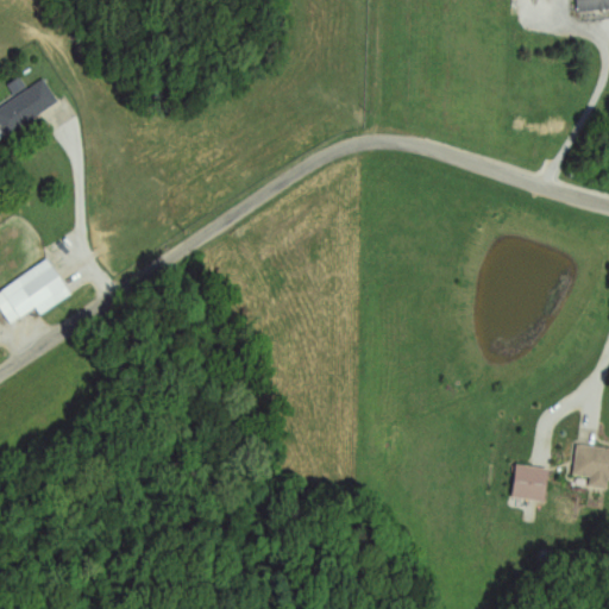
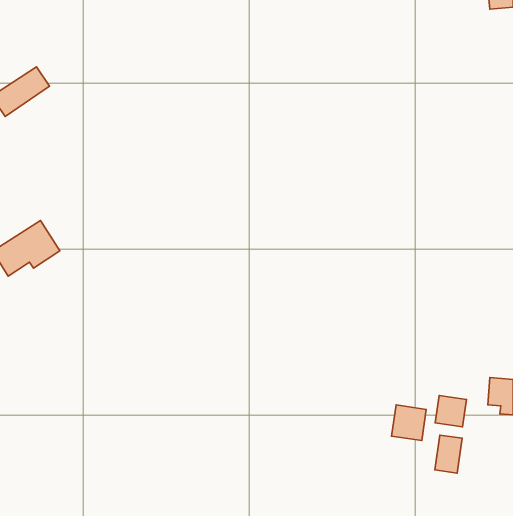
building: none -> [392,405,426,441]
building: none -> [435,435,462,473]

